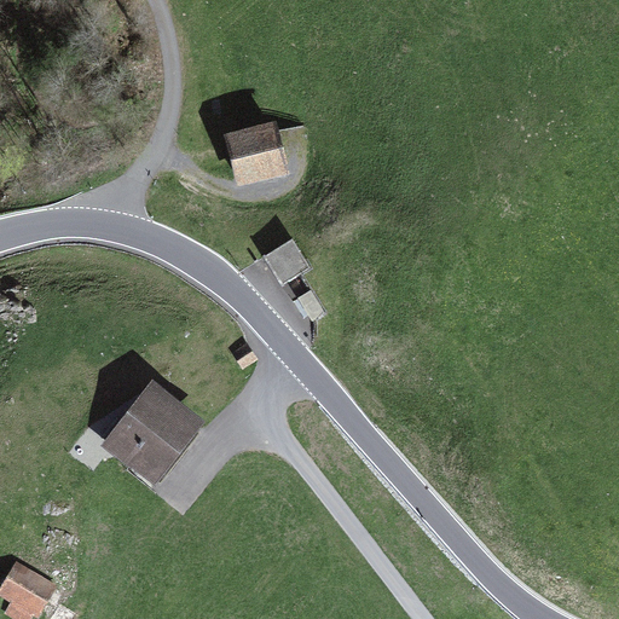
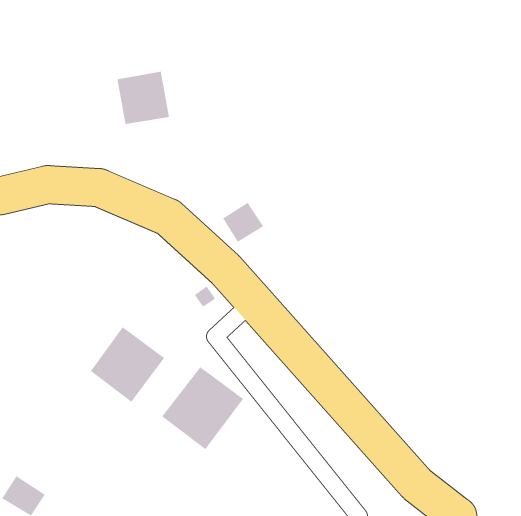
building: [226,121,289,185] -> [117,71,170,125]
building: none -> [161,366,244,450]

